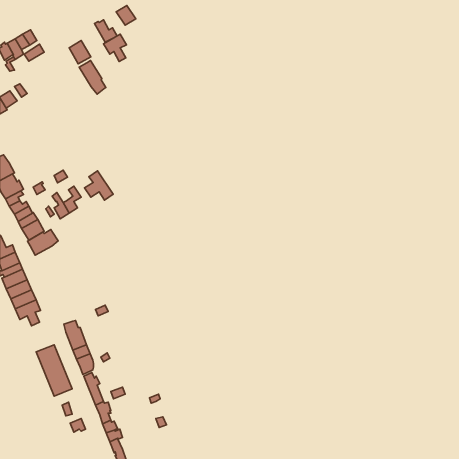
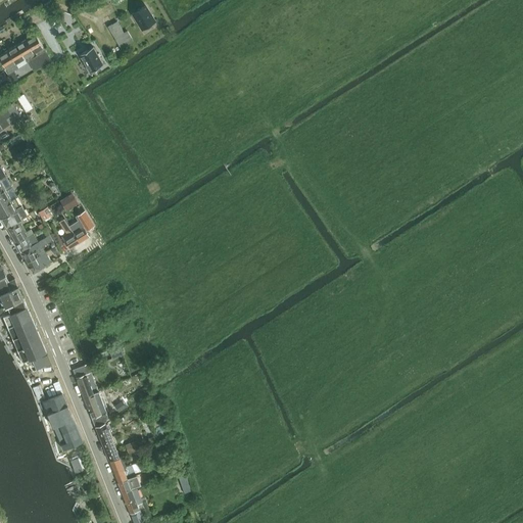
building: [103,34,127,61] -> none
building: [79,60,106,94] -> none
building: [85,171,113,200] -> none
building: [27,230,58,255] -> none

